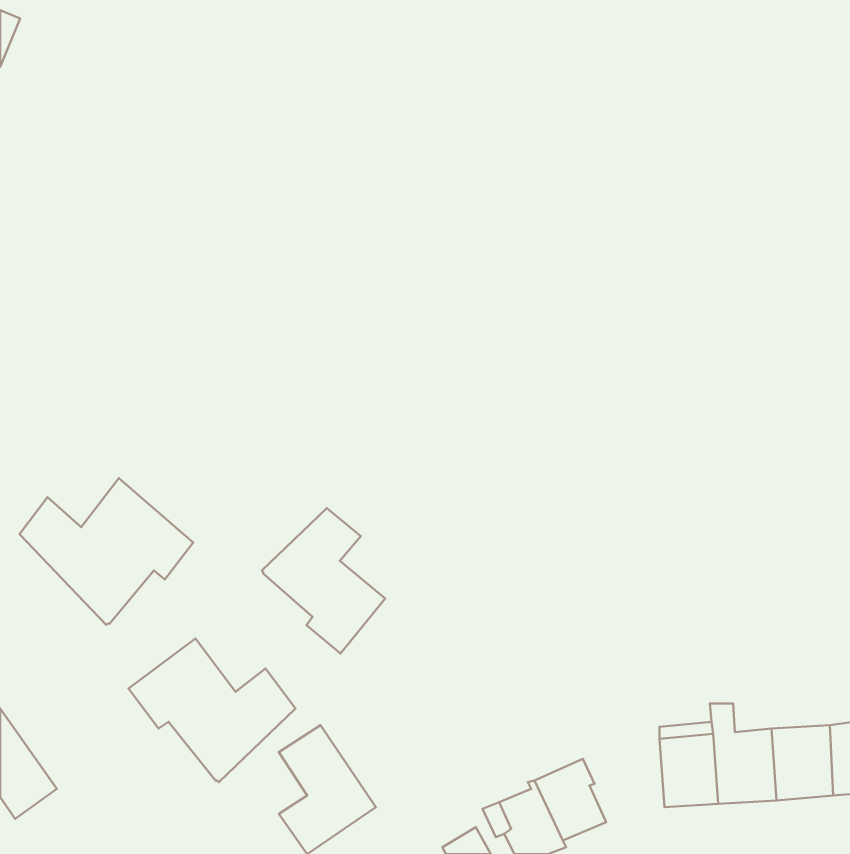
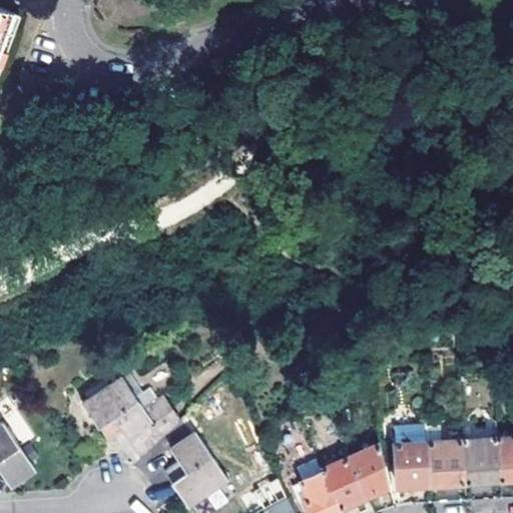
building: [19,478,193,625] -> none
building: [262,508,385,653] -> none
building: none -> [352,442,392,493]

